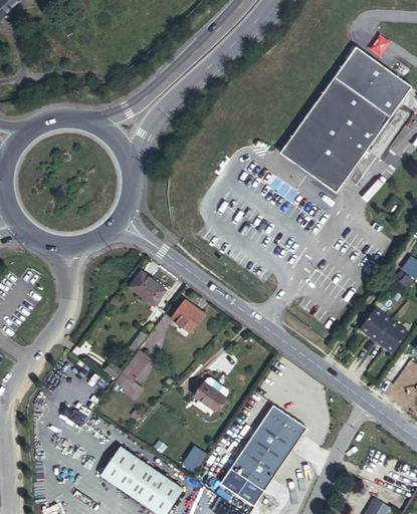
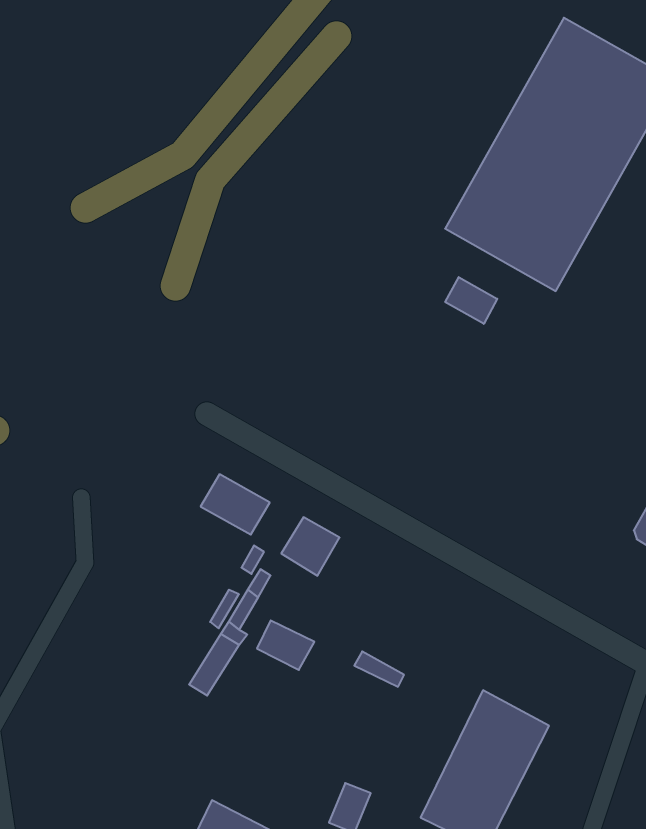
building: none -> [445,277,497,324]
building: [195,382,226,411] -> [257,620,314,670]

